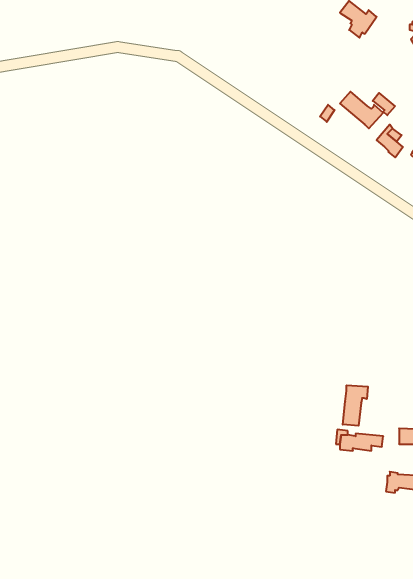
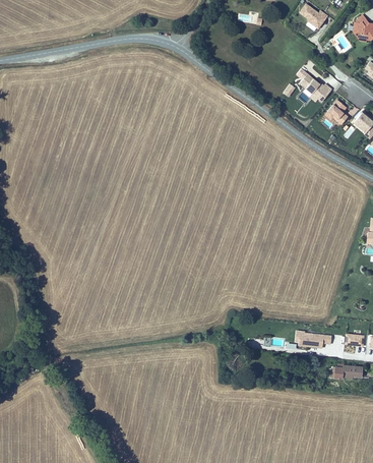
building: [343,385,368,426] -> none

